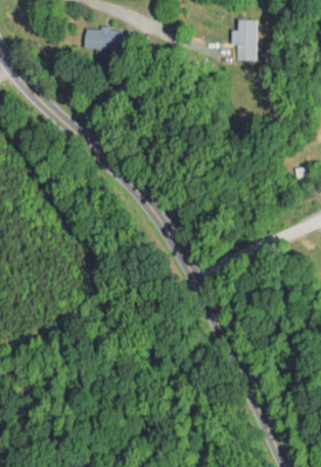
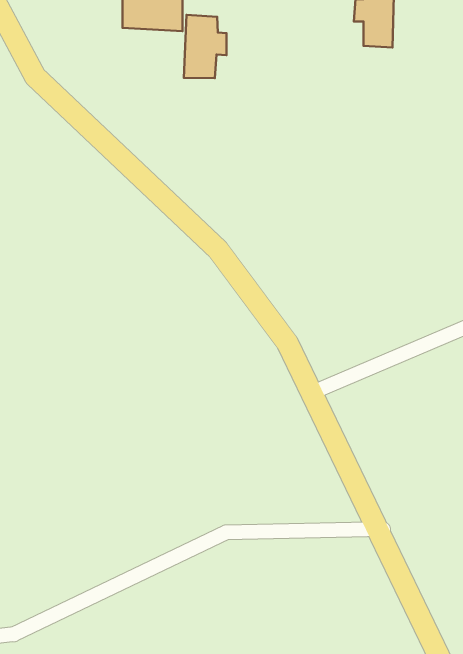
building: none -> [184,15,227,78]

